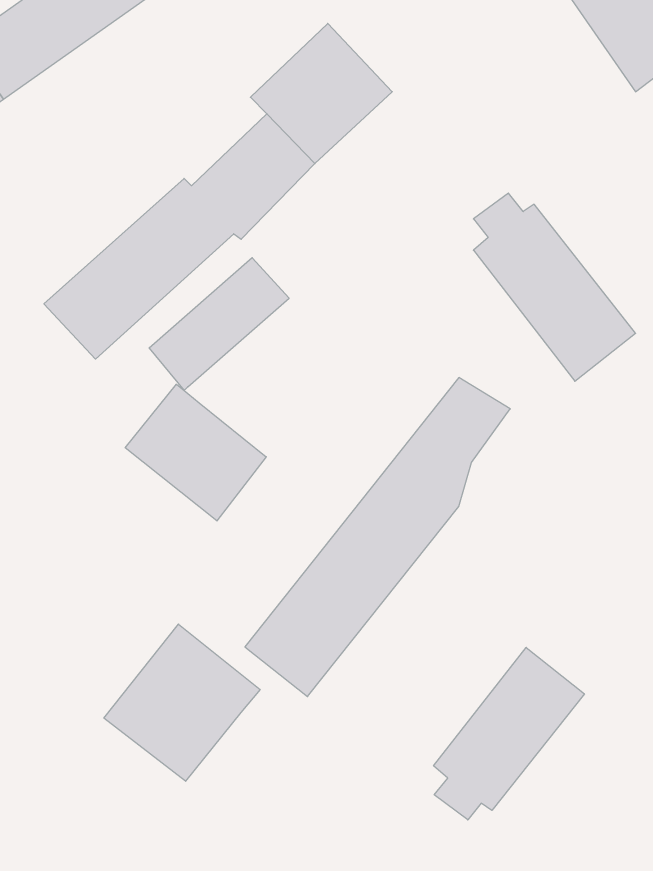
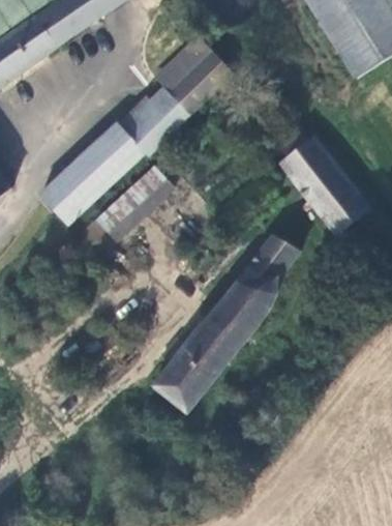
building: [125,384,266,521] -> none
building: [104,624,260,781] -> none
building: [434,647,584,820] -> none

